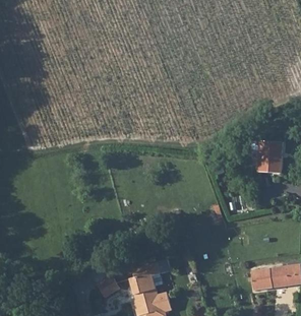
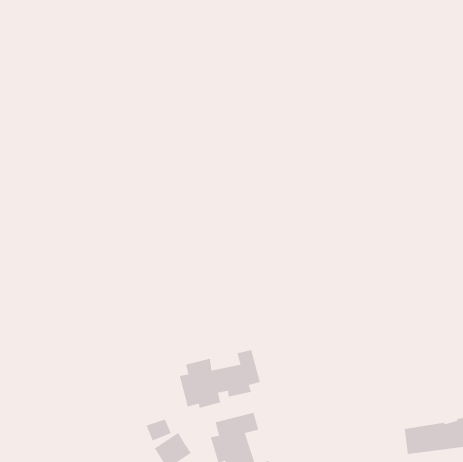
building: [245,140,282,174] -> none
building: none -> [179,349,261,409]

